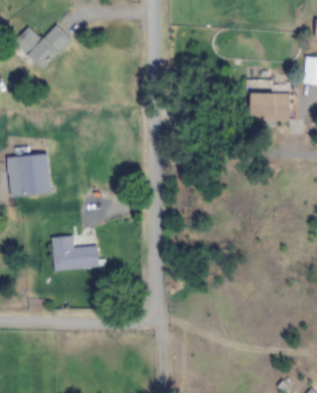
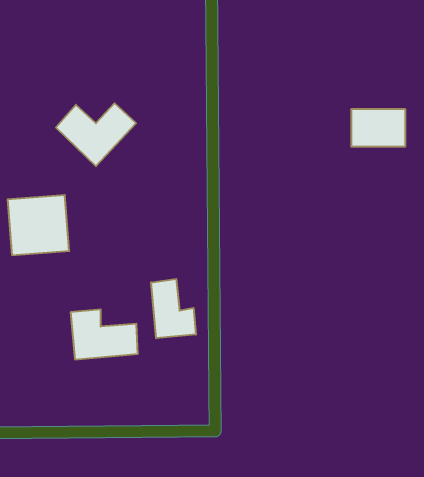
building: [14,25,71,70] -> [56,103,136,166]
building: none -> [151,279,196,338]

